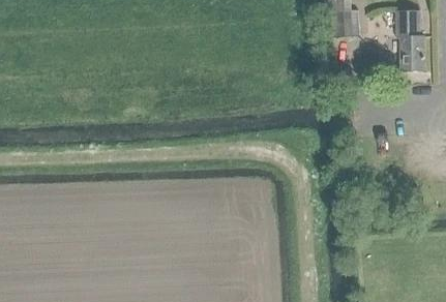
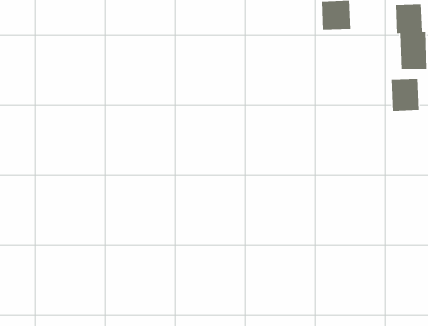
building: none -> [391,78,419,112]

